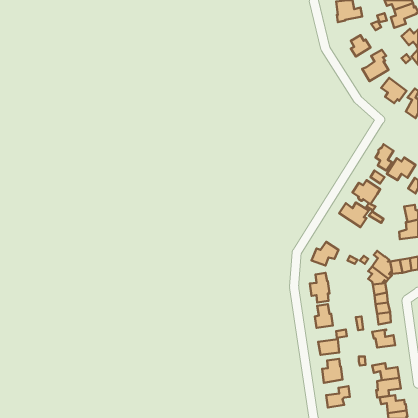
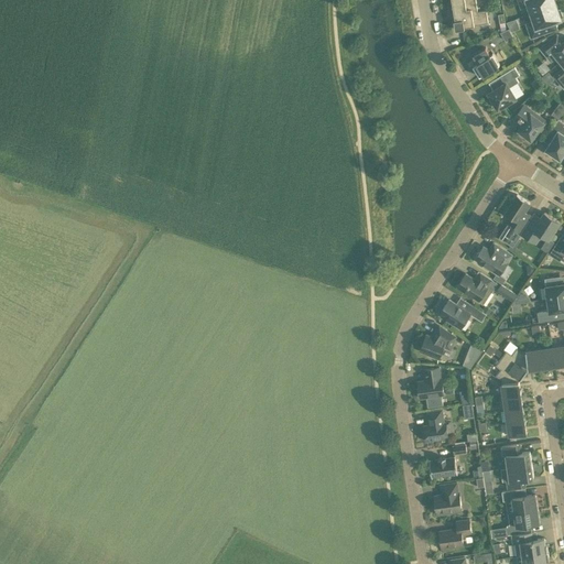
building: none -> [438,300,486,329]
building: none -> [506,465,532,489]

